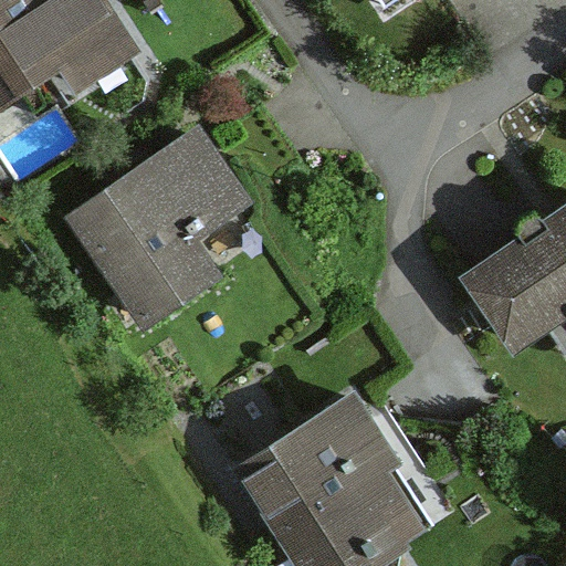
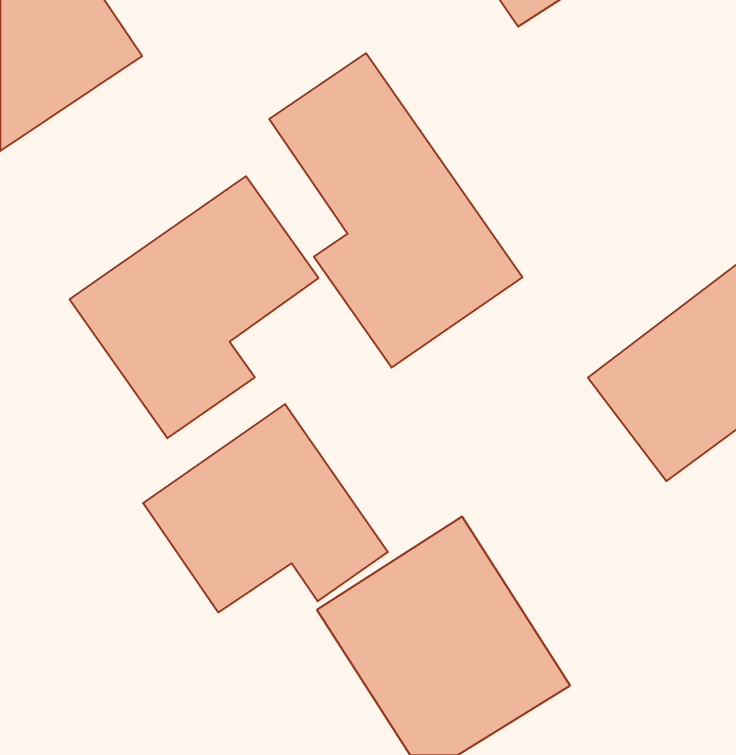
building: none -> [269,53,522,368]
building: none -> [143,404,388,612]

